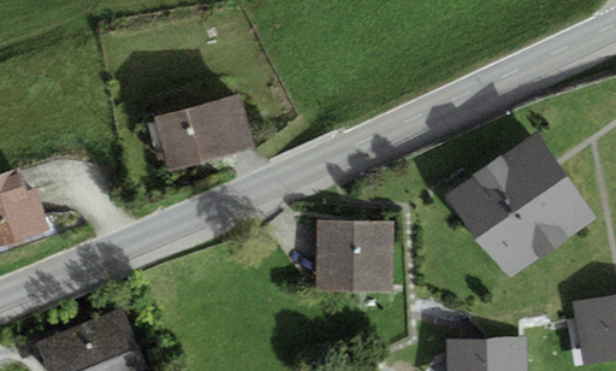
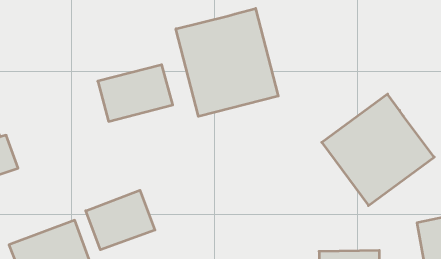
building: none -> [176,8,278,116]
building: [314,222,389,292] -> none
building: none -> [86,190,155,250]

